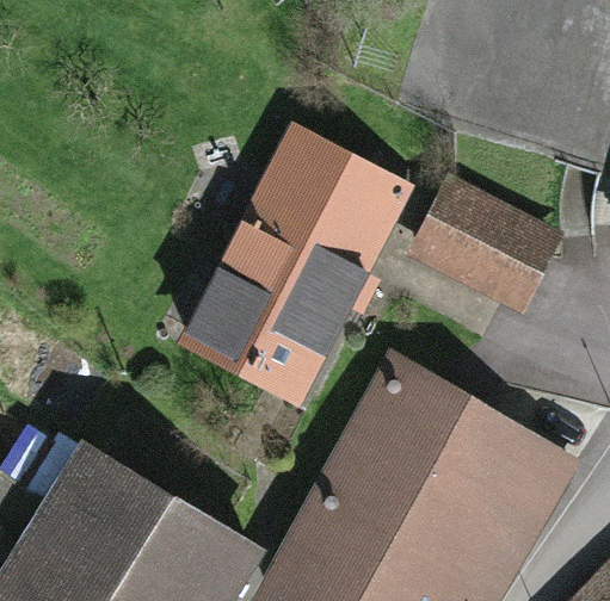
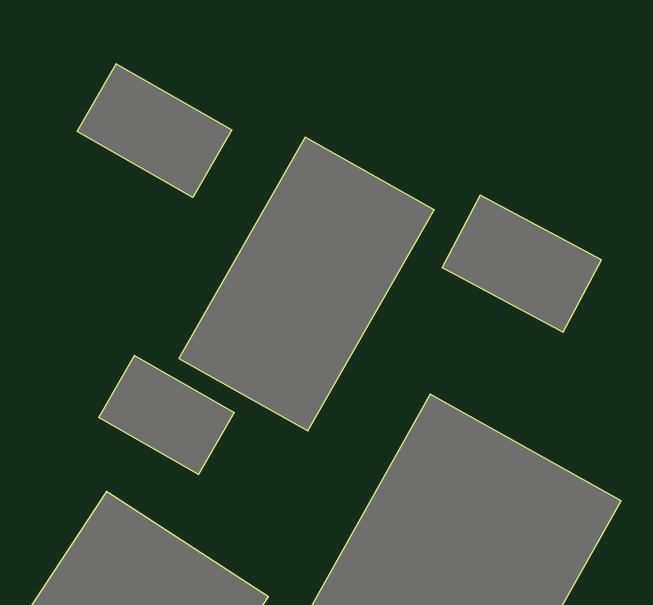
building: none -> [77,64,232,197]
building: none -> [99,355,234,475]

